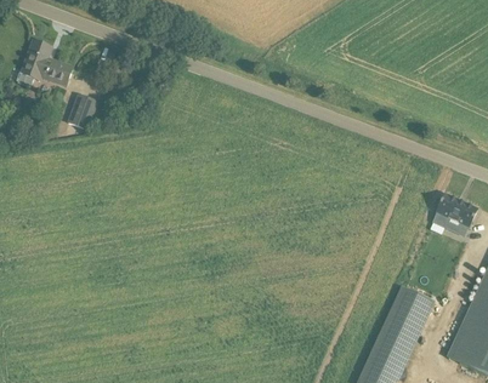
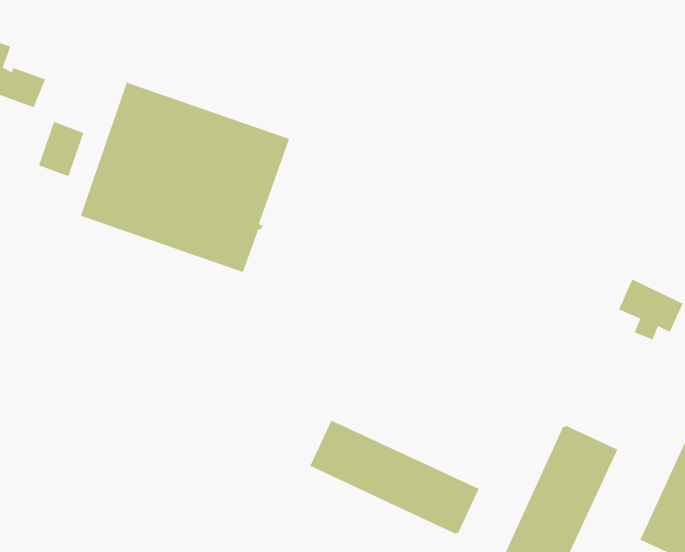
building: none -> [80,82,290,273]
building: none -> [310,420,479,535]

